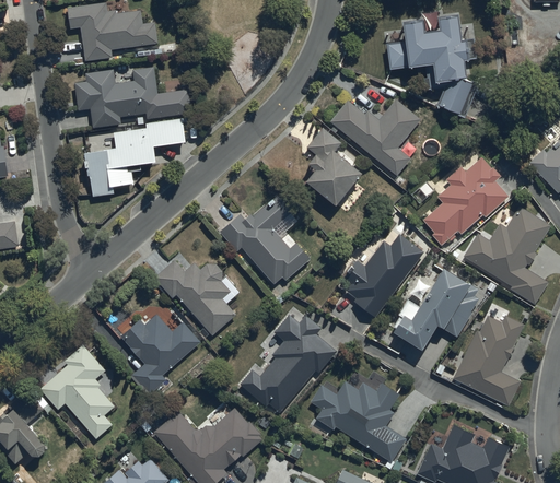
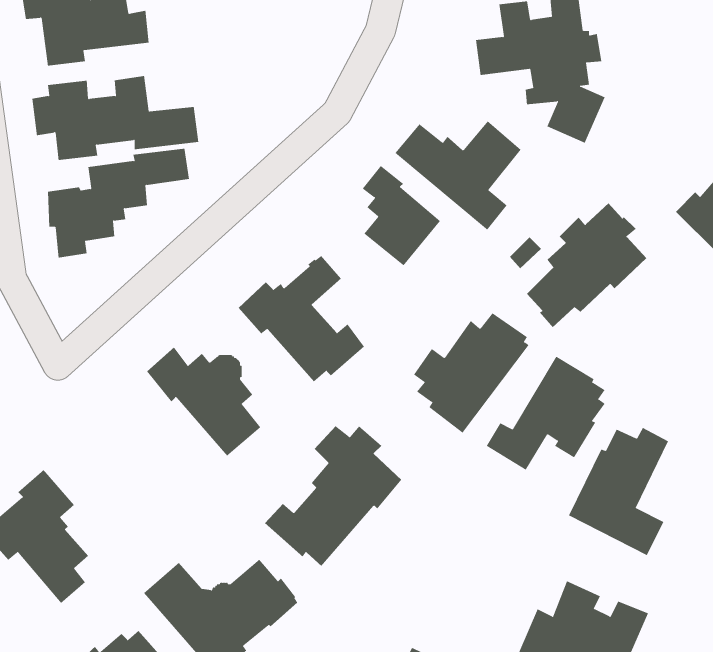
building: [463,208,550,305] -> none
building: [121,315,200,397] -> none
building: [311,381,406,463] -> none

